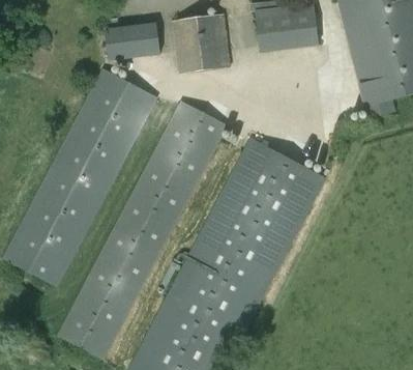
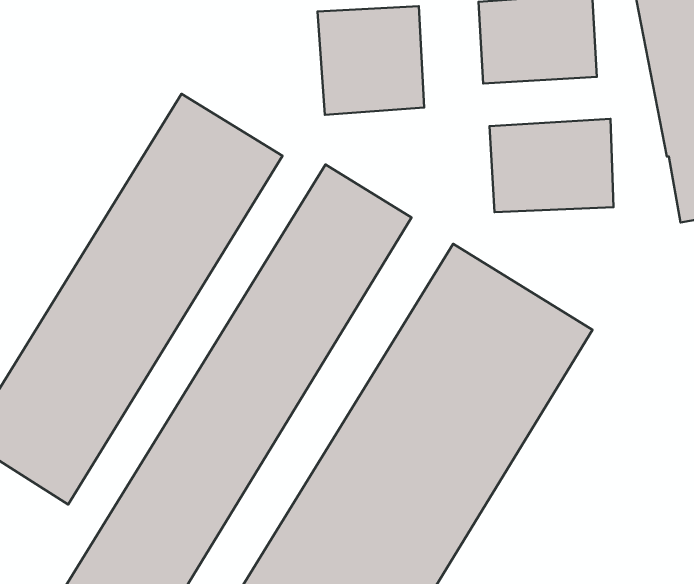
building: [106,22,161,60] -> none
building: none -> [489,119,614,212]

